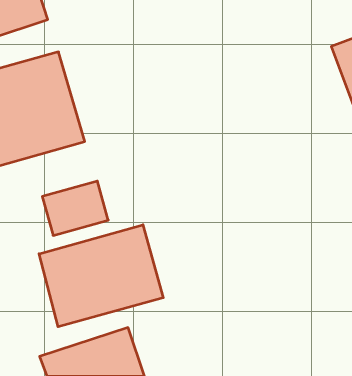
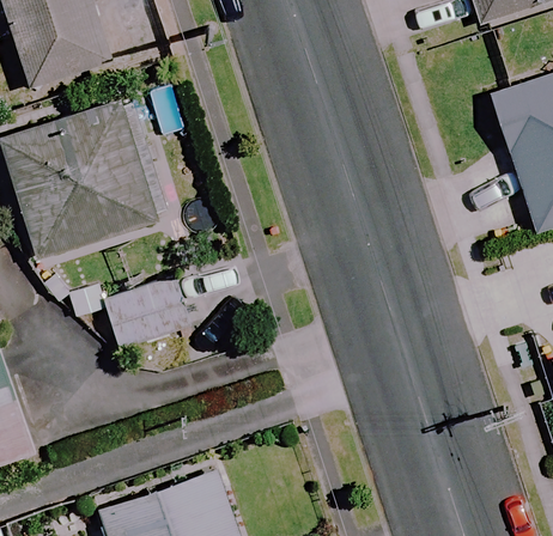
building: [39,225,163,327] -> none

